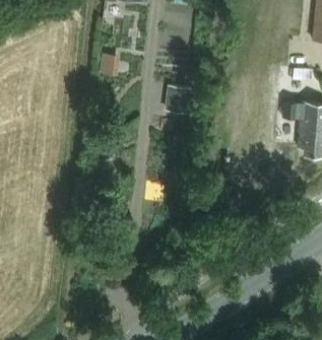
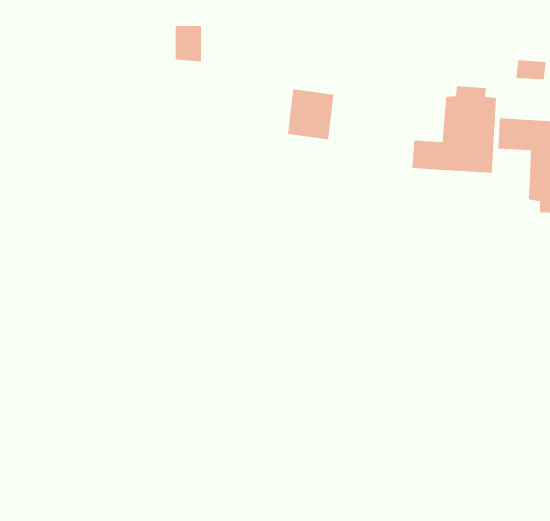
building: none -> [412,86,496,174]

